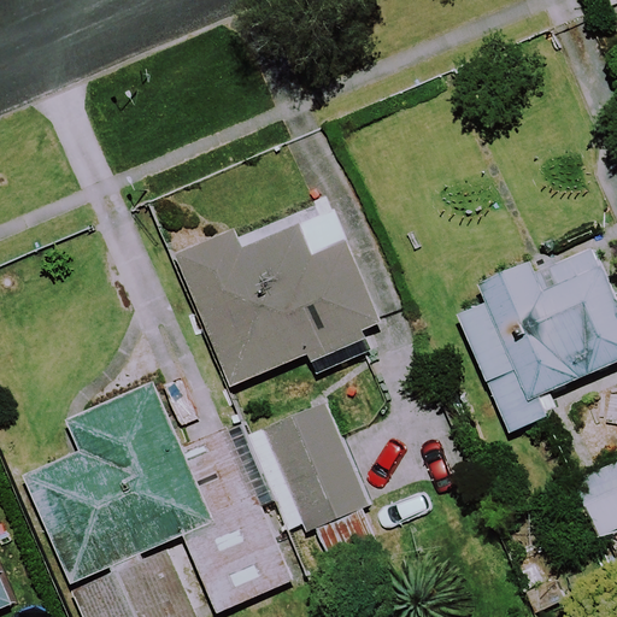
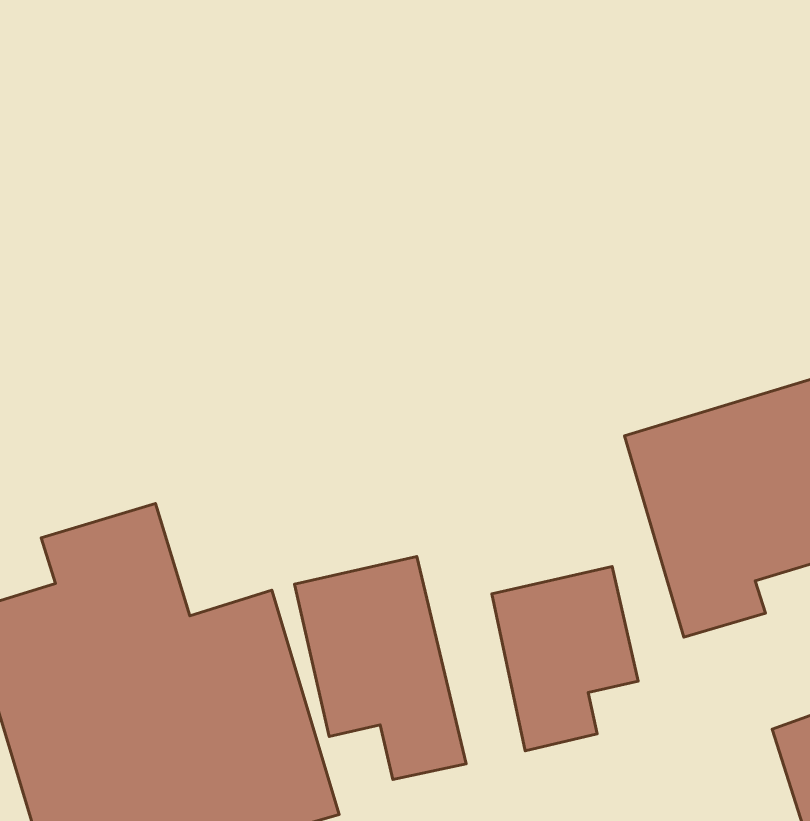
building: [174,215,377,386] -> none
building: none -> [492,566,638,751]

